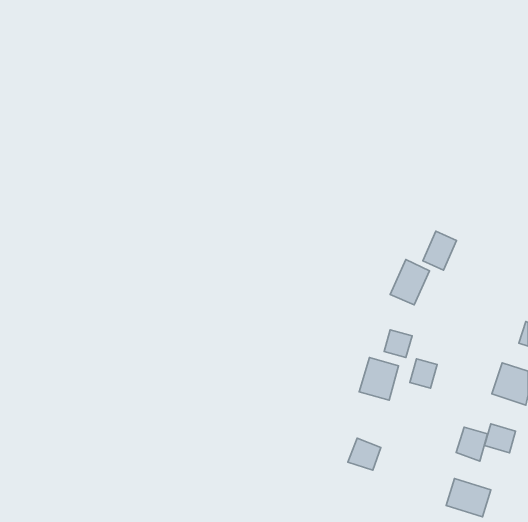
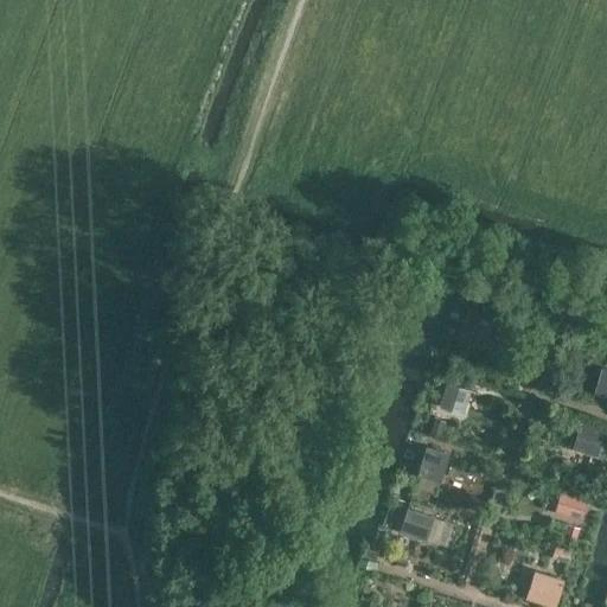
building: [423,231,457,270] -> none
building: [410,359,437,388] -> none
building: [456,427,488,461] -> none

